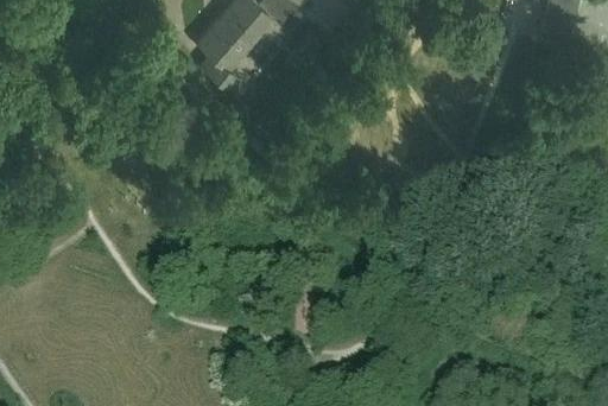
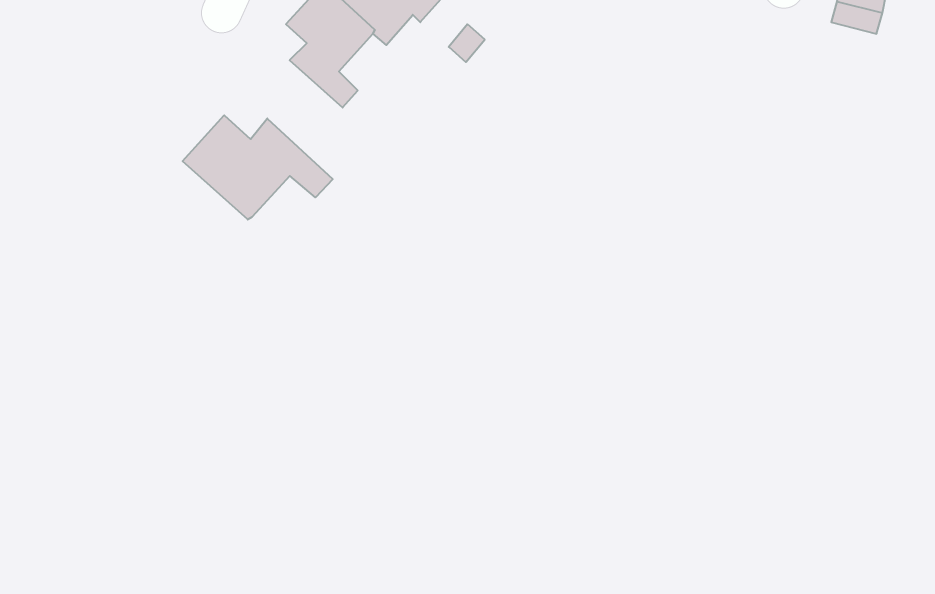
building: none -> [183,115,333,220]

